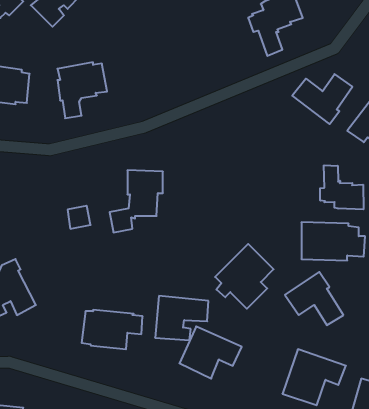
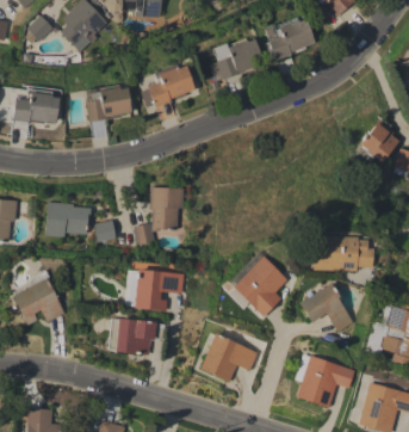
building: none -> [211,35,262,95]
building: none -> [141,63,194,121]
building: [292,74,352,124] -> none
building: [320,165,363,209] -> none
building: none -> [44,202,91,236]
building: [155,296,208,340] -> [134,269,184,310]

